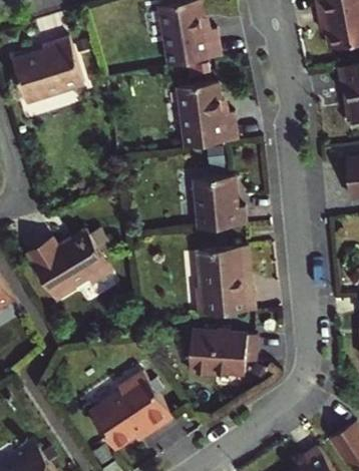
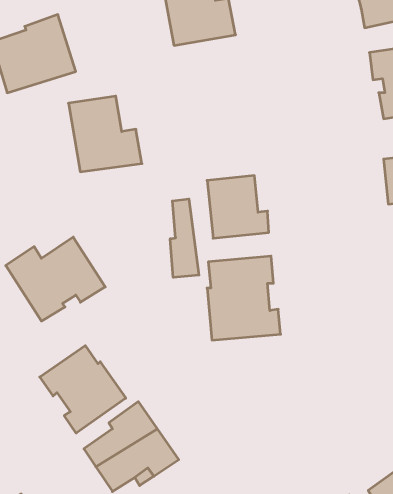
building: [177,81,240,145] -> [68,96,142,172]
building: none -> [170,199,199,277]
building: none -> [40,346,126,433]
building: [190,331,264,382] -> none

